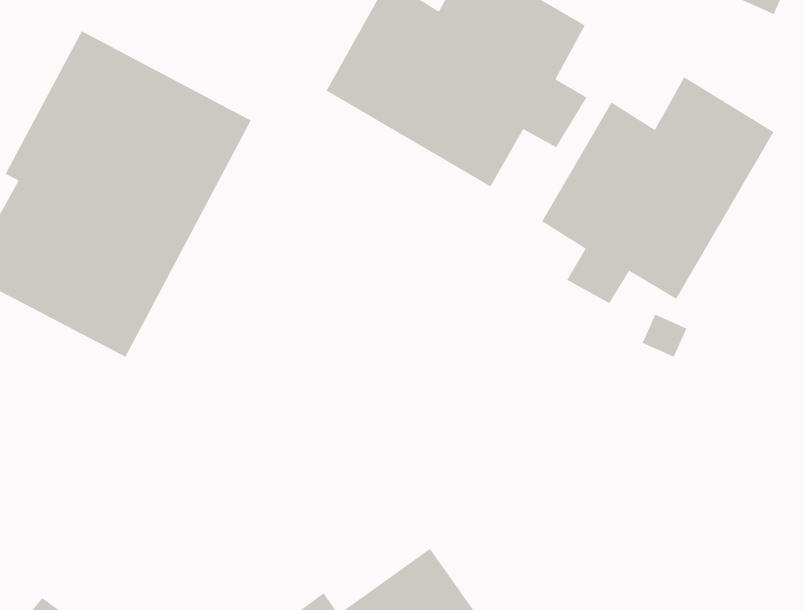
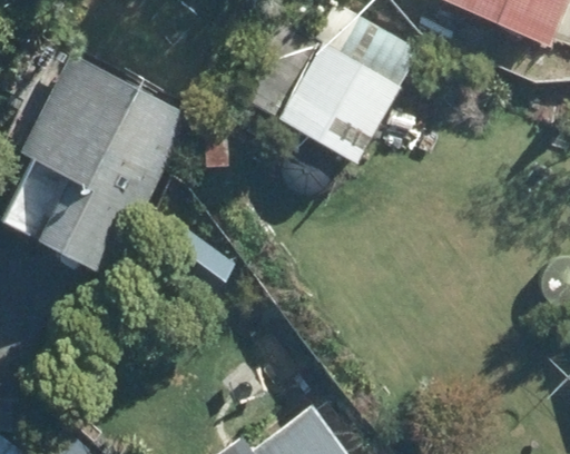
building: [541,76,775,304] -> none

